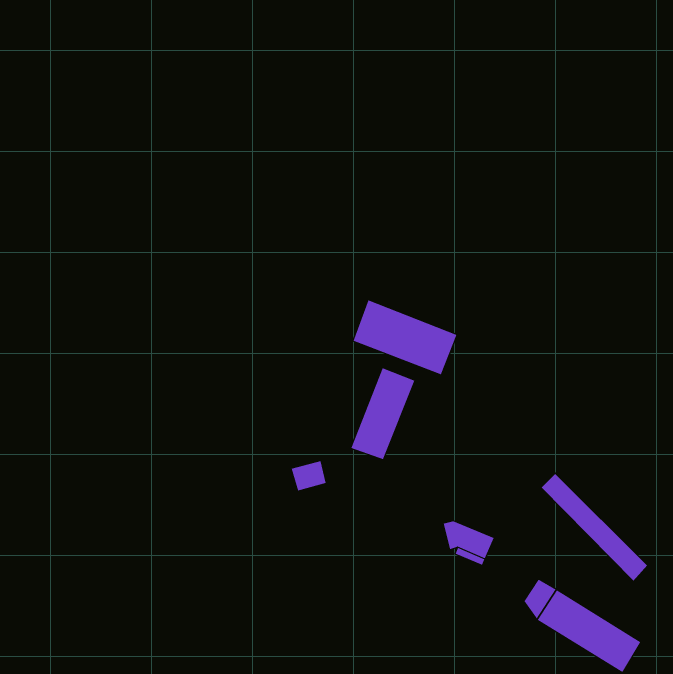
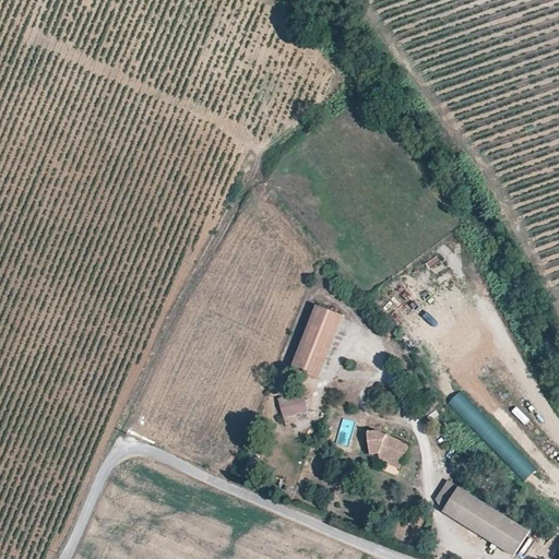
building: [353,300,457,375] -> none
building: [291,461,327,491] -> [276,394,306,419]

